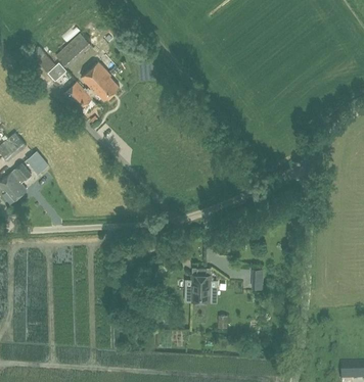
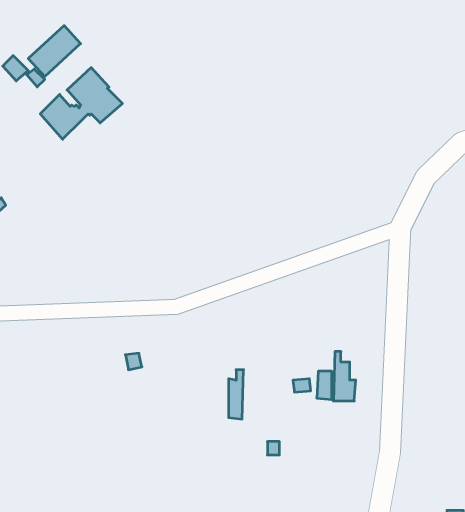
building: [200,268,216,301] -> [333,352,356,401]

